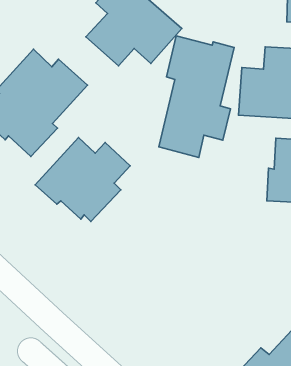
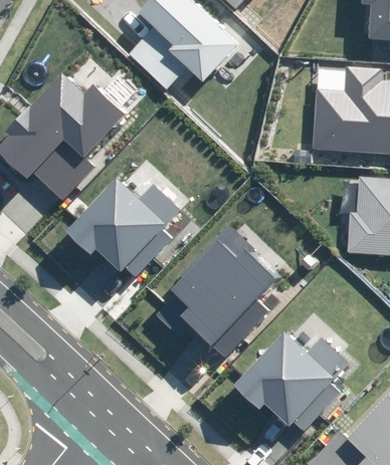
building: [159,36,234,157] -> none
building: none -> [158,236,280,359]
building: none -> [235,330,352,432]

